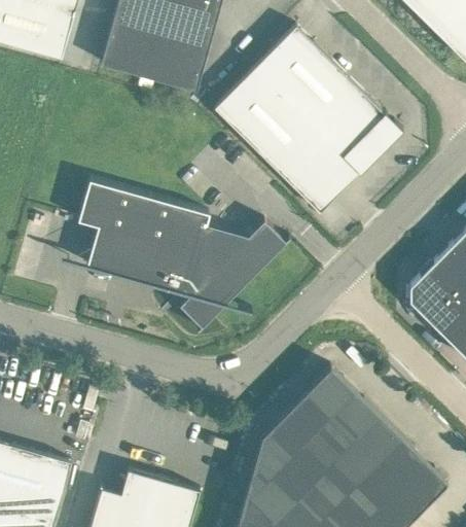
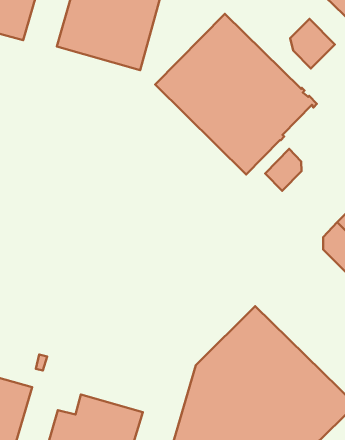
building: none -> [290,19,335,69]
building: [78,180,289,331] -> none
building: none -> [265,149,302,191]

